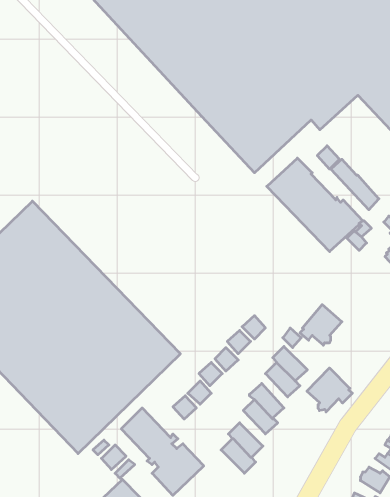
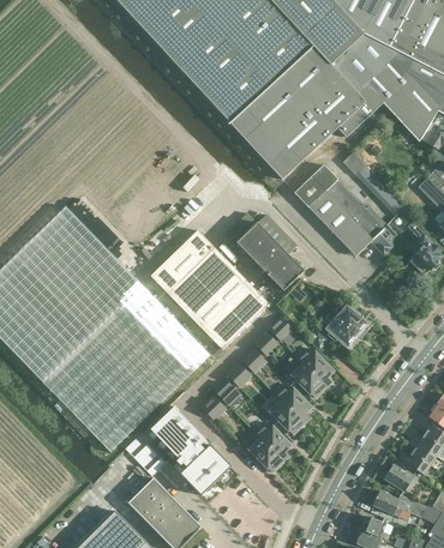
building: none -> [228,212,305,290]
building: none -> [150,230,269,349]
building: [307,368,352,412] -> none

